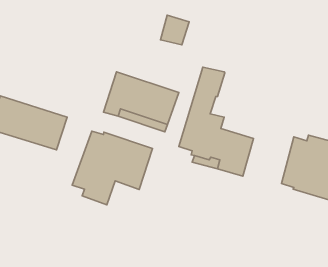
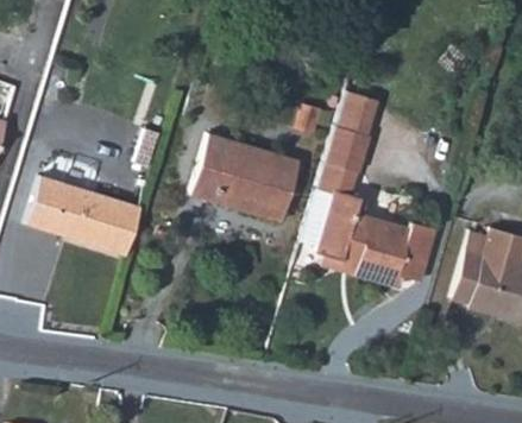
building: [161,15,189,45] -> [335,94,377,137]
building: [72,131,152,205] -> none
building: none -> [394,223,436,289]

